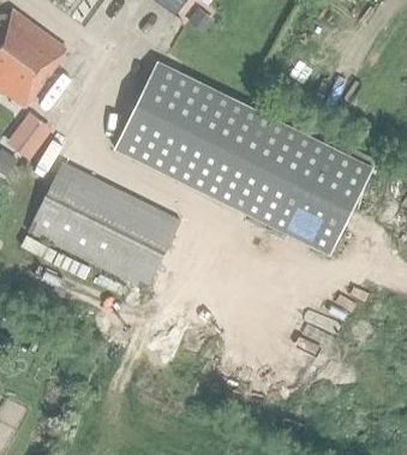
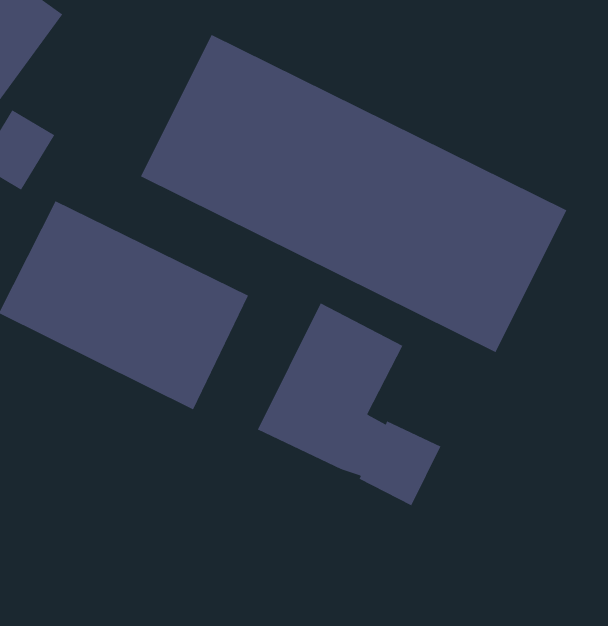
building: none -> [257,302,441,506]

